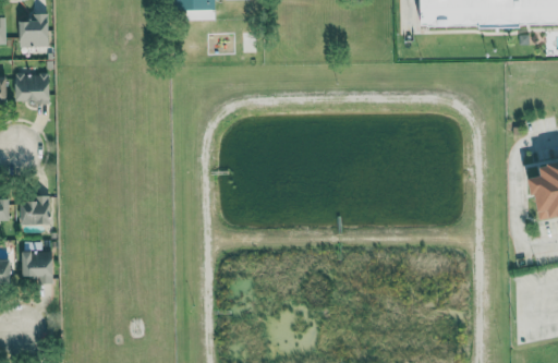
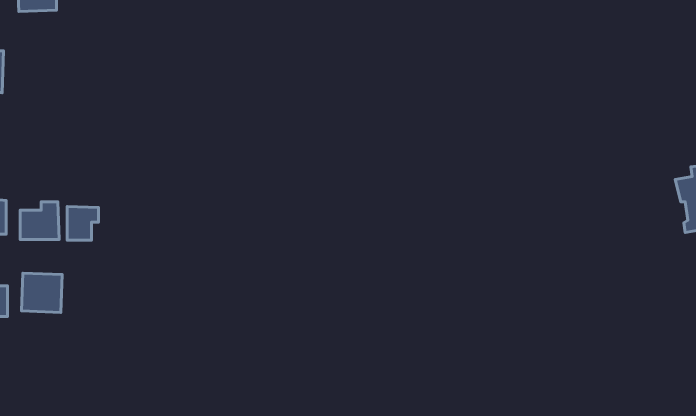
building: [14,73,49,102] -> none
building: none -> [67,206,98,240]

